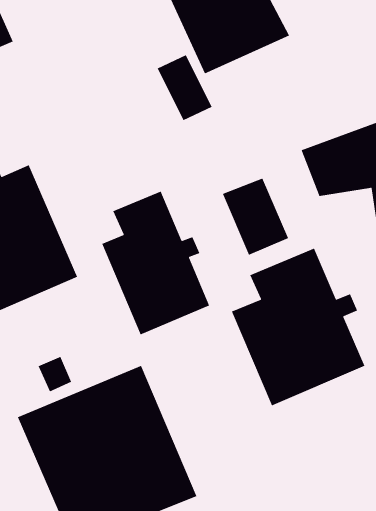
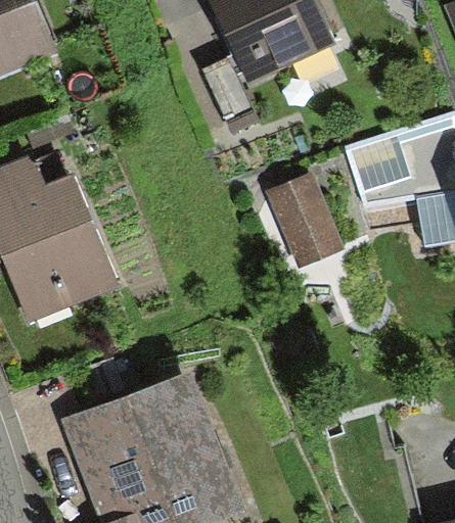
building: [101,190,210,336] -> none
building: [231,247,365,406] -> none

